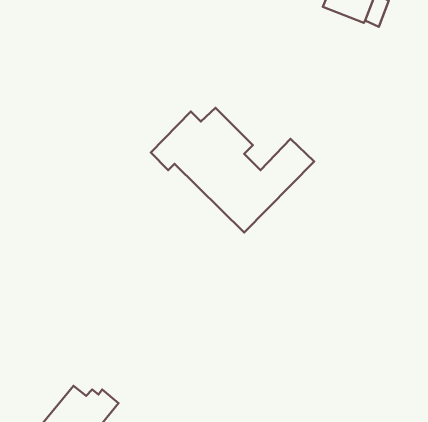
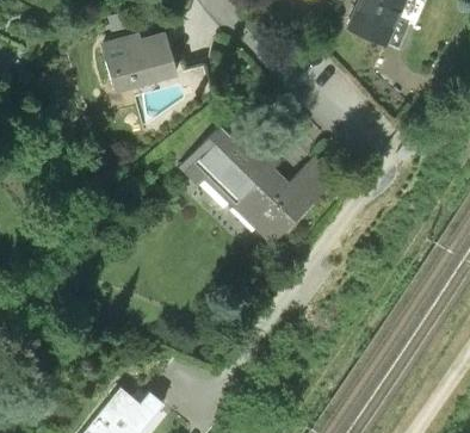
building: none -> [103,33,178,92]

